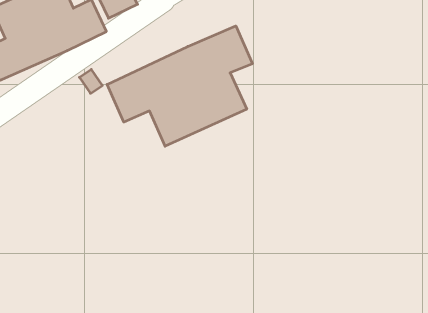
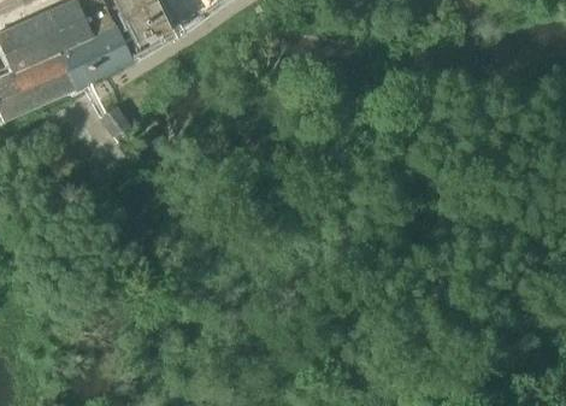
building: [107,26,252,146] -> none

